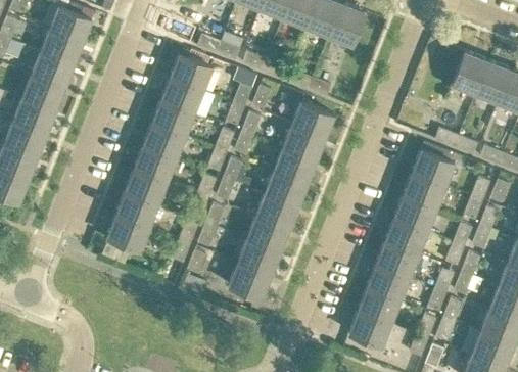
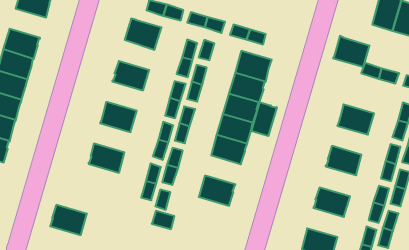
building: [40,31,83,66] -> none
building: [160,78,202,114] -> none
building: [142,124,185,159] -> none
building: [411,149,454,187] -> [333,36,370,67]
building: none -> [251,102,277,136]
building: [124,170,167,205] -> none
building: [393,197,435,233] -> none
building: [106,215,149,251] -> [50,205,87,235]
building: [246,218,288,253] -> none
building: [375,242,418,279] -> none
building: [228,264,271,300] -> none
building: [357,288,399,324] -> none

